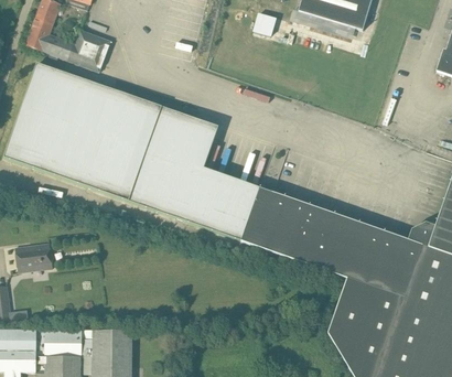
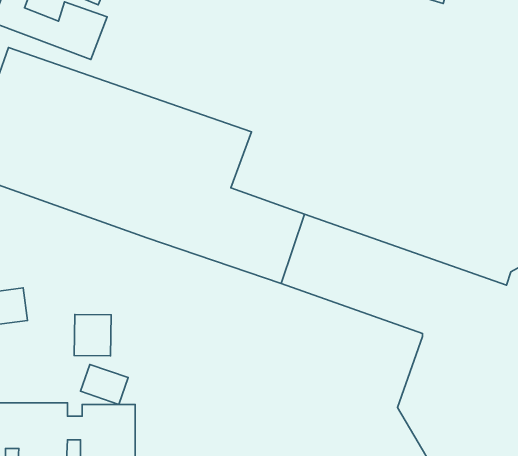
building: none -> [74,314,111,356]
building: none -> [80,364,128,404]

